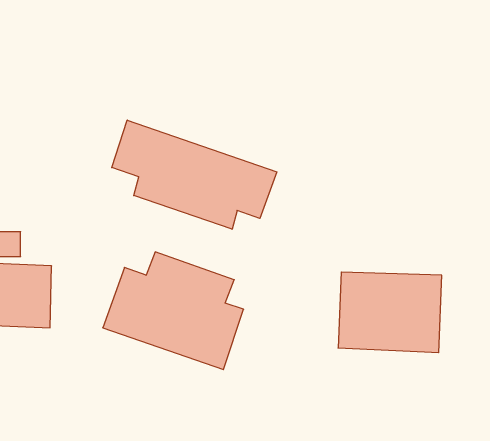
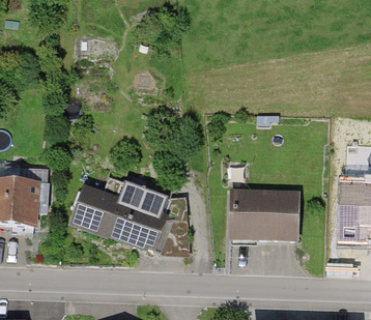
building: [112,120,277,229] -> none

